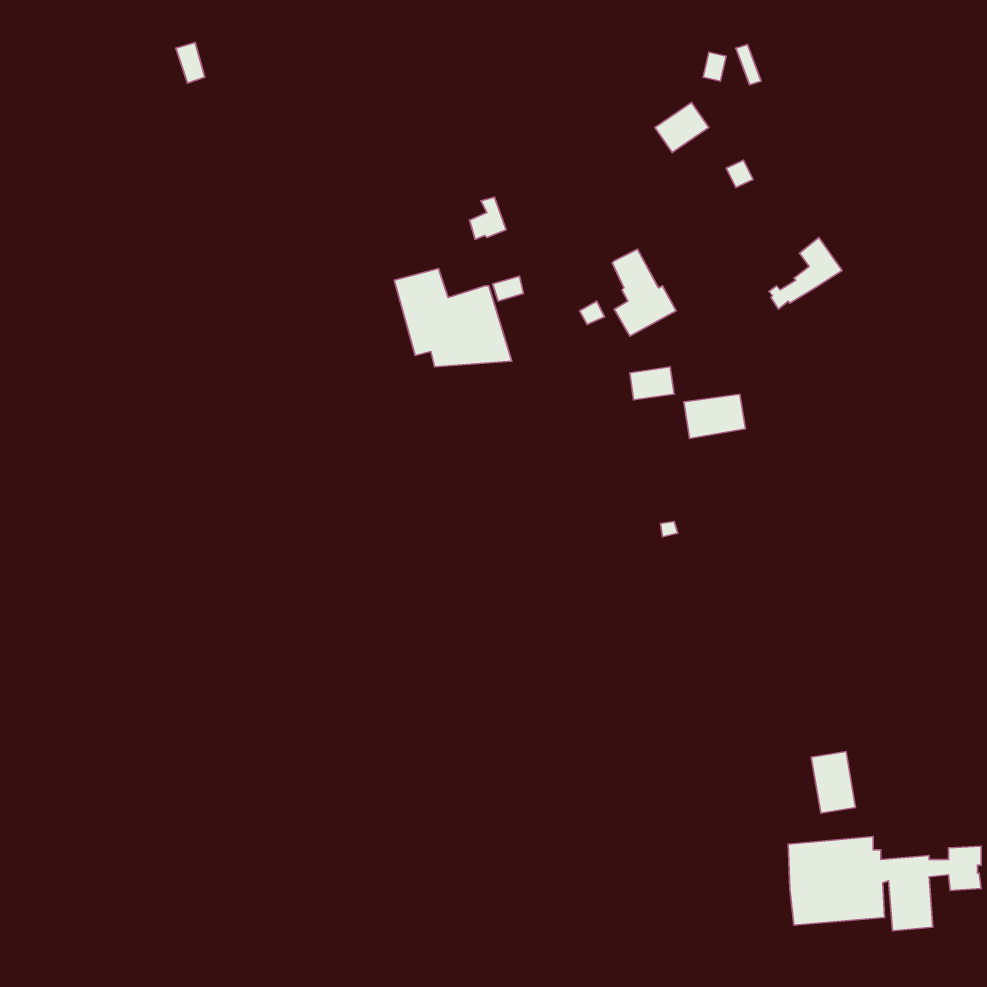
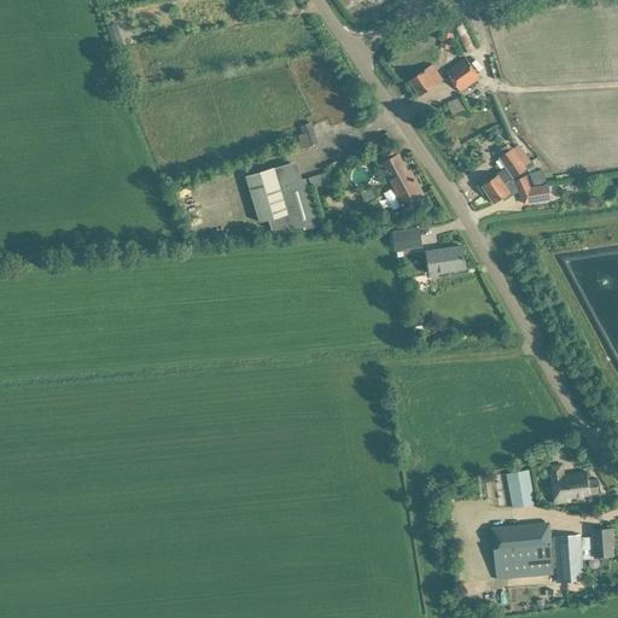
building: none -> [447,58,480,92]
building: none -> [486,176,550,204]
building: none -> [549,465,599,503]

